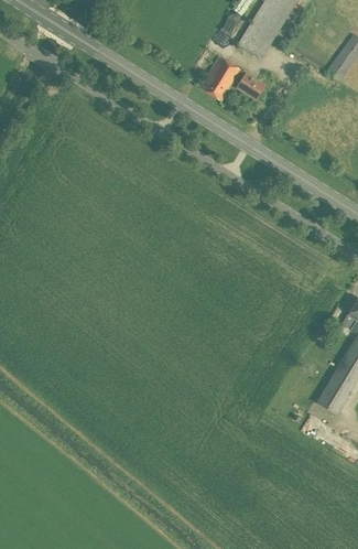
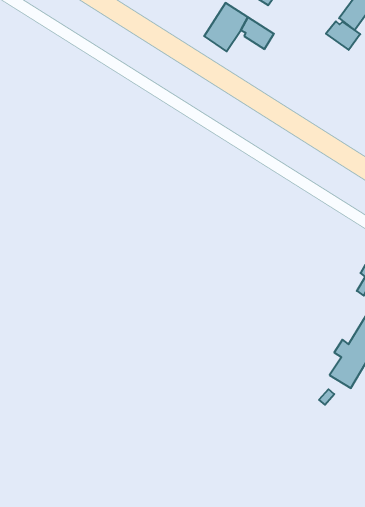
building: none -> [326,21,360,50]

